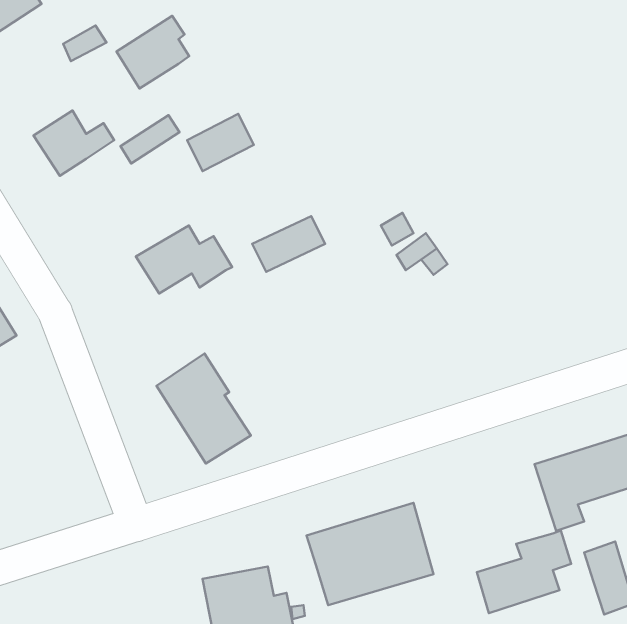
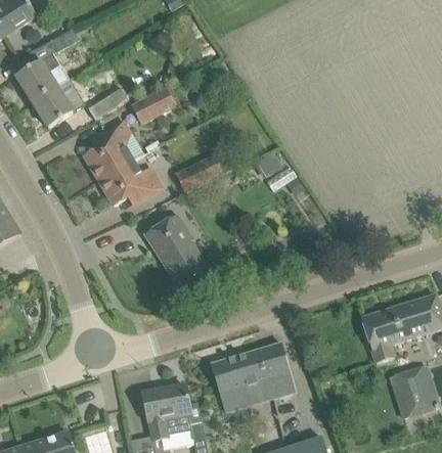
building: [116,16,189,89] -> [15,52,63,100]
building: none -> [84,121,141,180]
building: [156,353,251,463] -> [145,213,208,285]
building: [477,530,571,613] -> none

